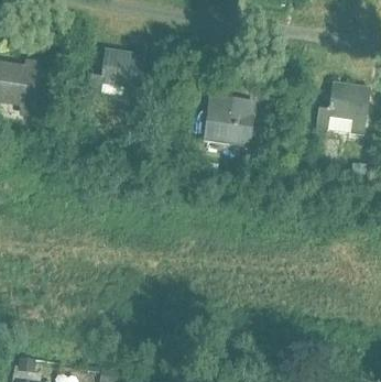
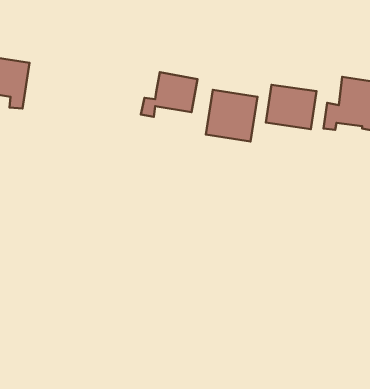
building: [89,50,142,91] -> [141,72,197,117]
building: none -> [266,85,316,129]

